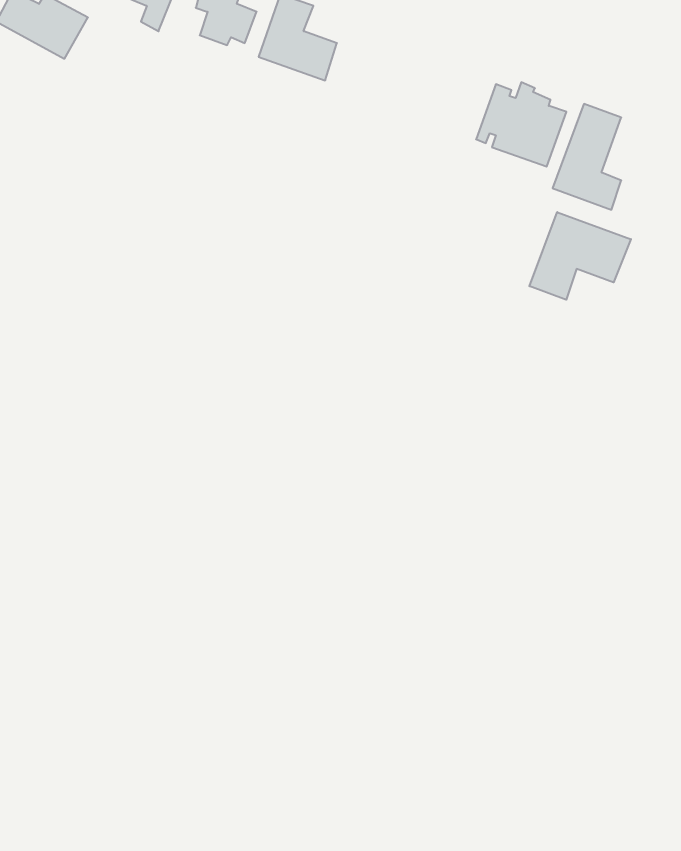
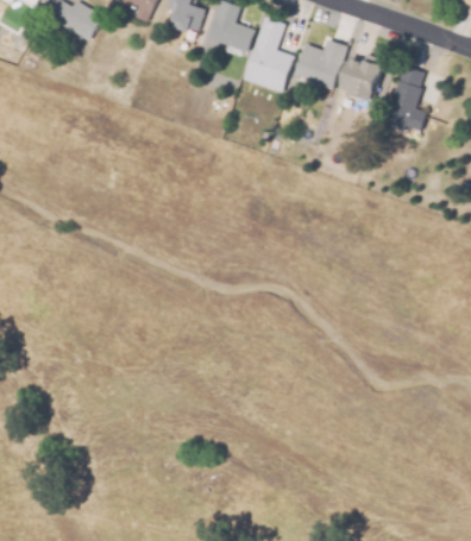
building: none -> [243,19,293,93]
building: none -> [293,40,346,90]
building: [529,212,631,300] -> none

